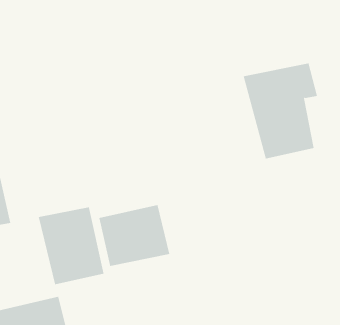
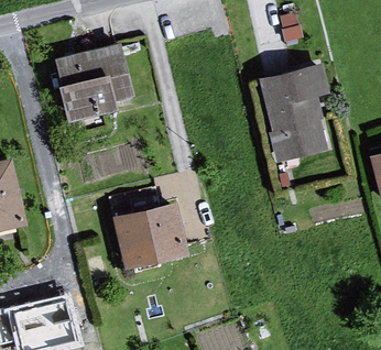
building: none -> [53,46,137,124]
building: [38,207,104,285] -> none

